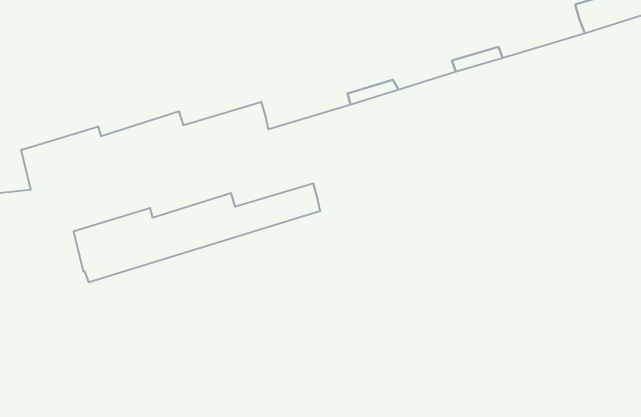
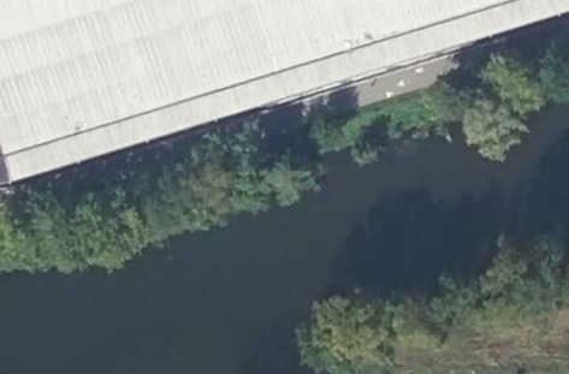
building: [73,183,320,282] -> [19,93,236,179]

